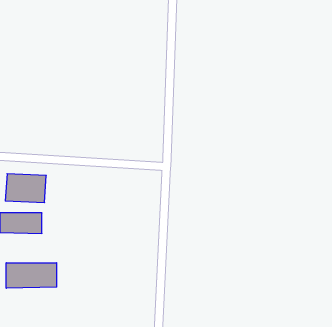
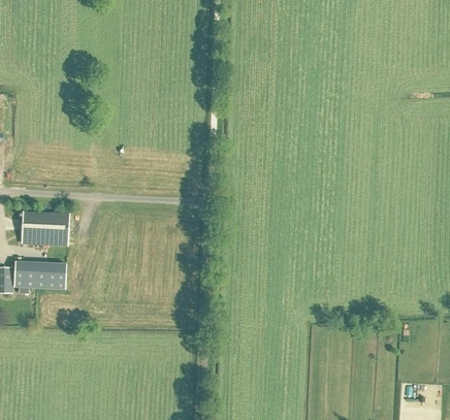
building: [6,263,57,288] -> none

